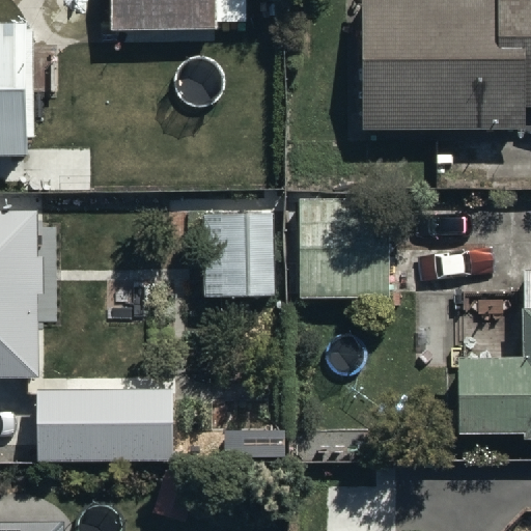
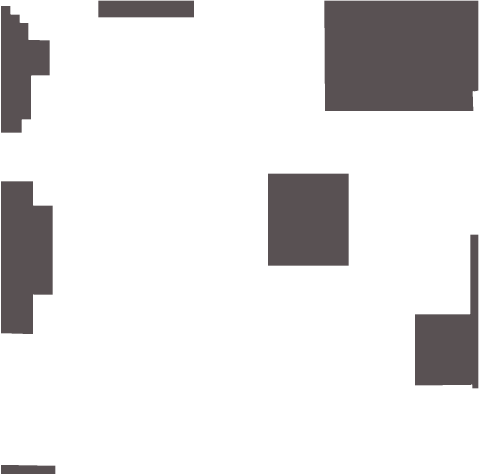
building: [200,214,272,296] -> none
building: [35,388,172,462] -> none

